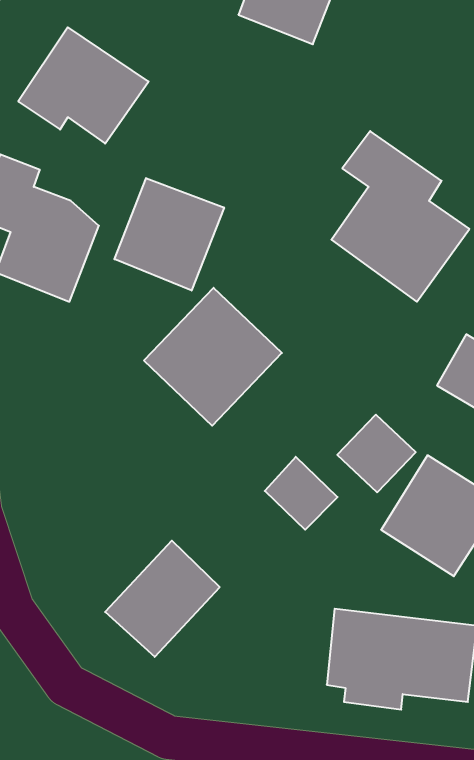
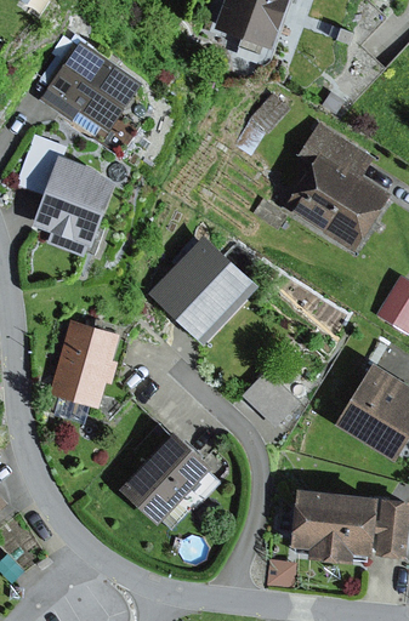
building: [114,178,224,291] -> none
building: none -> [45,323,115,411]
building: [337,415,416,492] -> none

